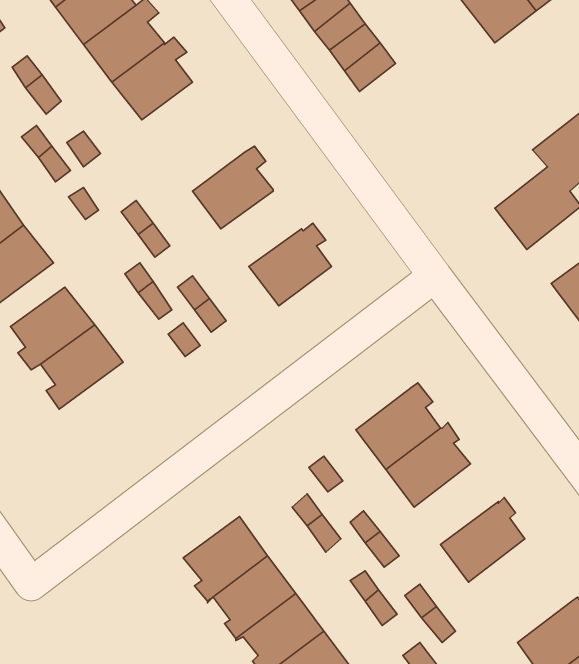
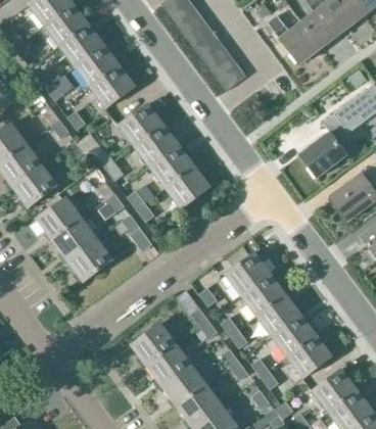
building: none -> [120,99,163,145]
building: none -> [150,141,194,186]
building: none -> [62,238,112,284]
building: none -> [255,291,301,337]
building: none -> [285,332,332,378]

